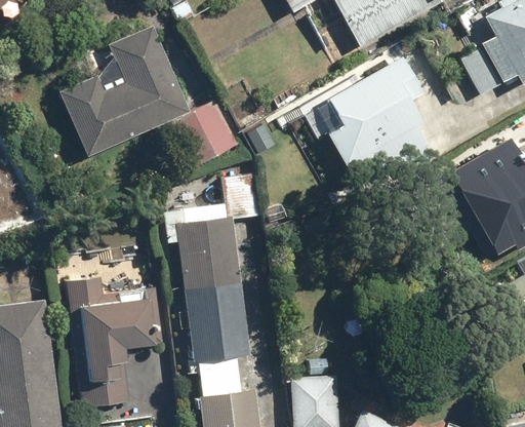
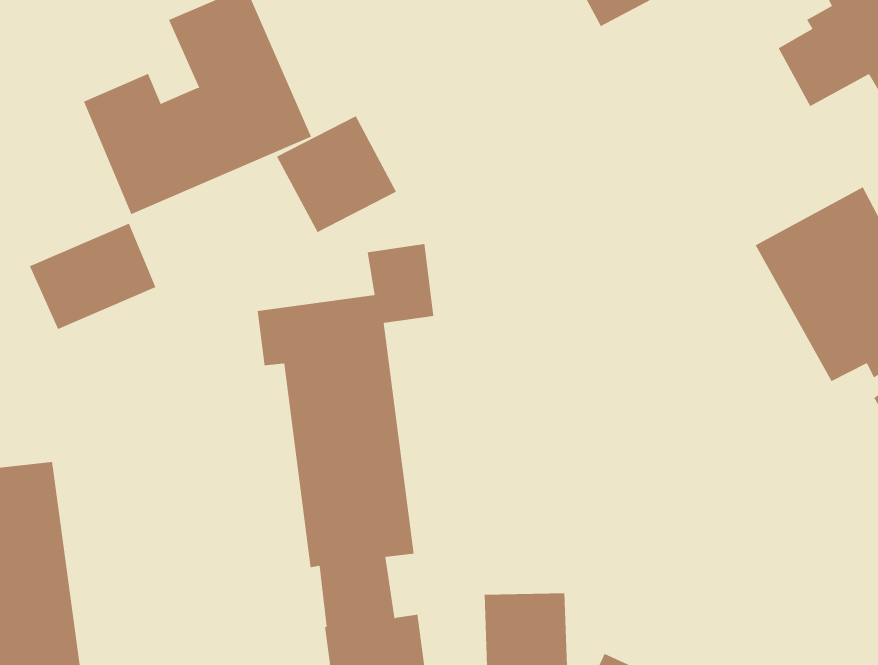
building: [326,55,432,191] -> none
building: none -> [29,223,156,330]
building: [64,277,158,406] -> none

